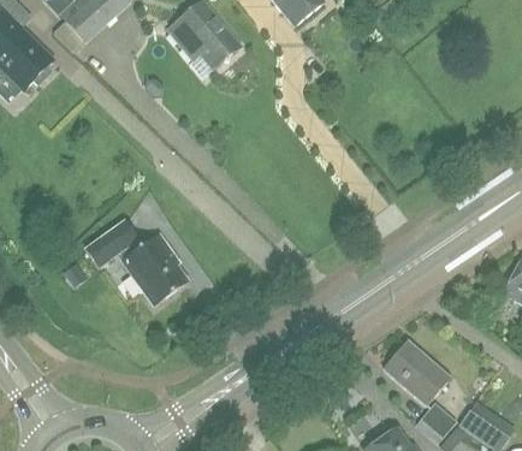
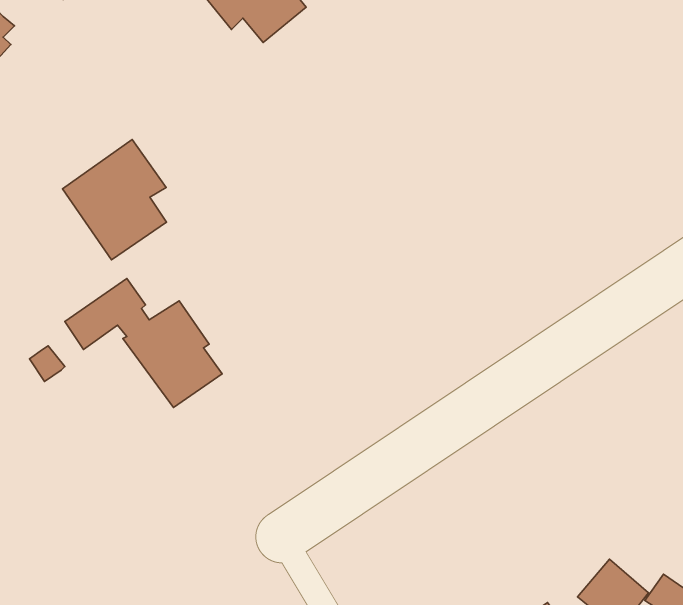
building: none -> [62,140,166,260]
building: [384,340,450,404] -> none

